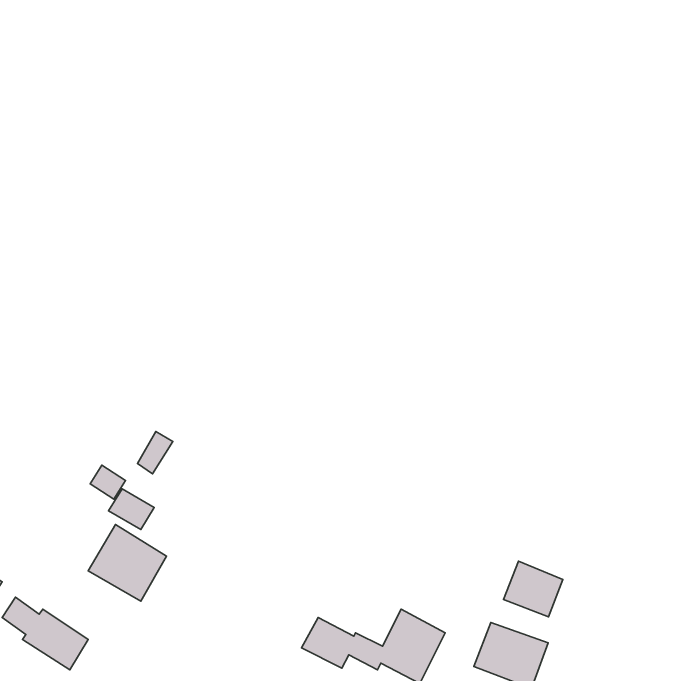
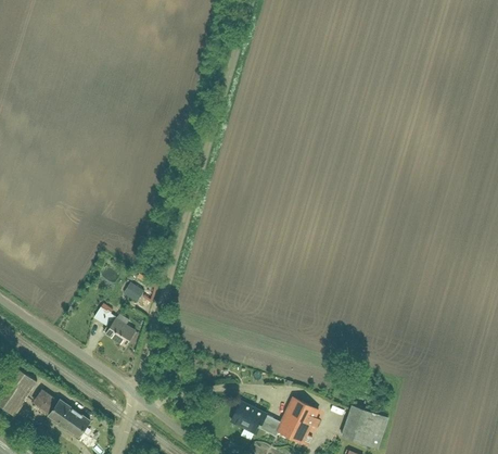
building: [88,525,167,601] -> none
building: [503,561,563,617] -> none

